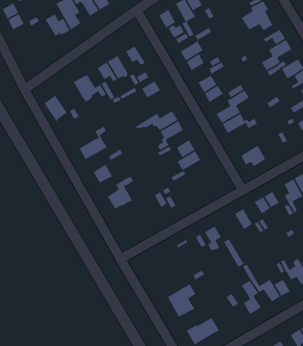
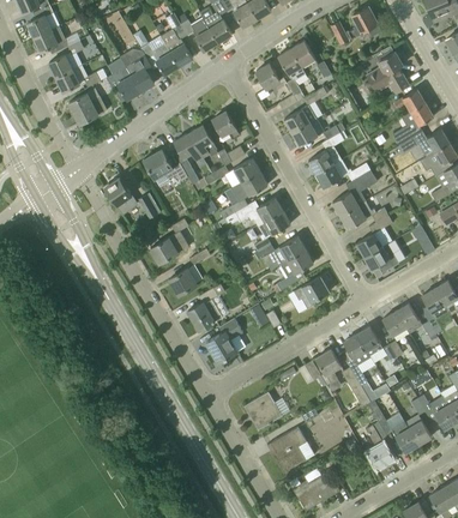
building: none -> [68,94,107,125]
building: none -> [219,171,267,219]
building: none -> [356,216,392,258]
building: none -> [294,276,330,309]
building: none -> [206,319,242,362]
building: none -> [342,335,370,385]
building: none -> [245,392,283,430]

